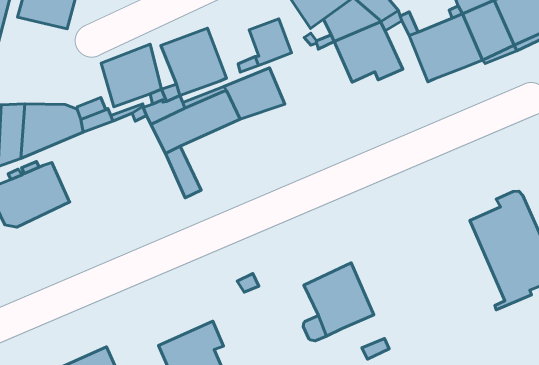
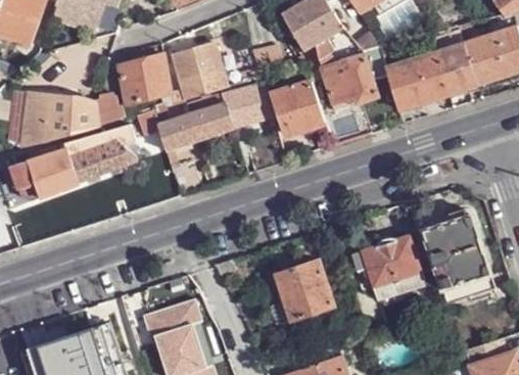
building: none -> [273,82,324,135]
building: none -> [64,125,137,181]
building: none -> [349,237,424,301]

